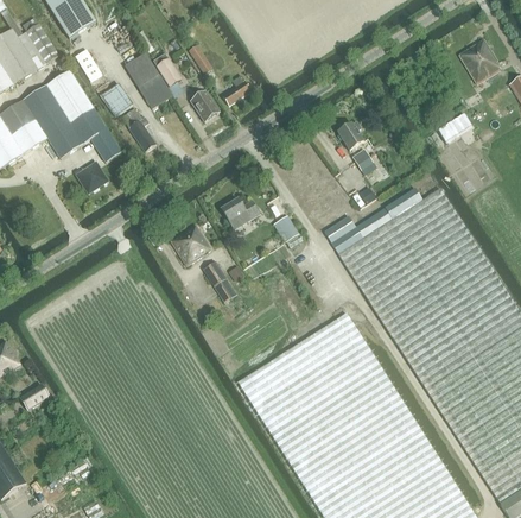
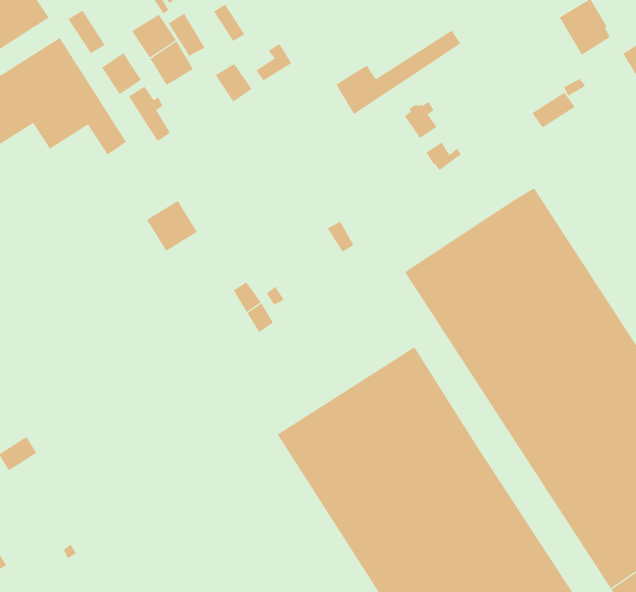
building: [76,162,108,194] -> none
building: [324,188,422,254] -> [335,30,461,115]
building: [222,198,260,227] -> none
building: [171,225,211,265] -> [146,200,198,252]

